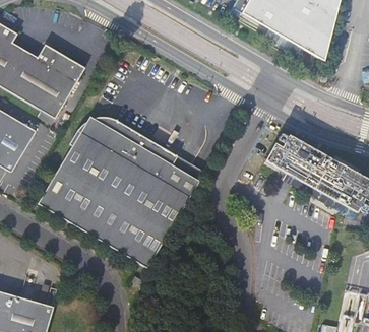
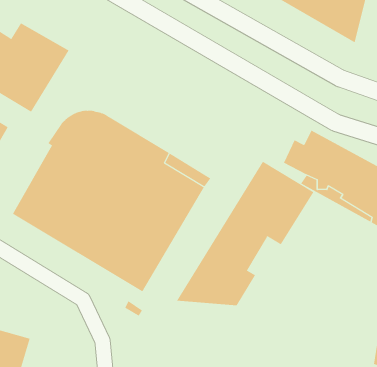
building: none -> [176,161,314,306]

